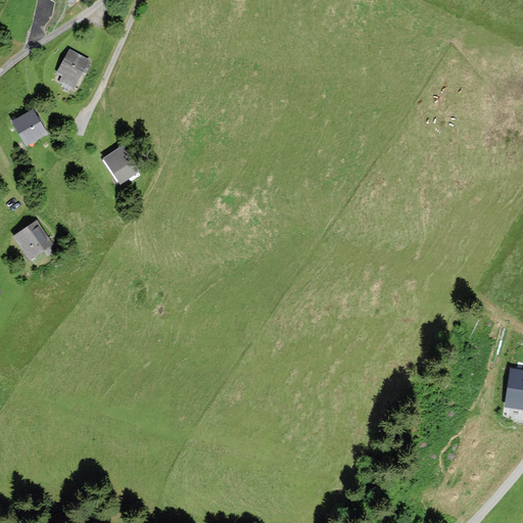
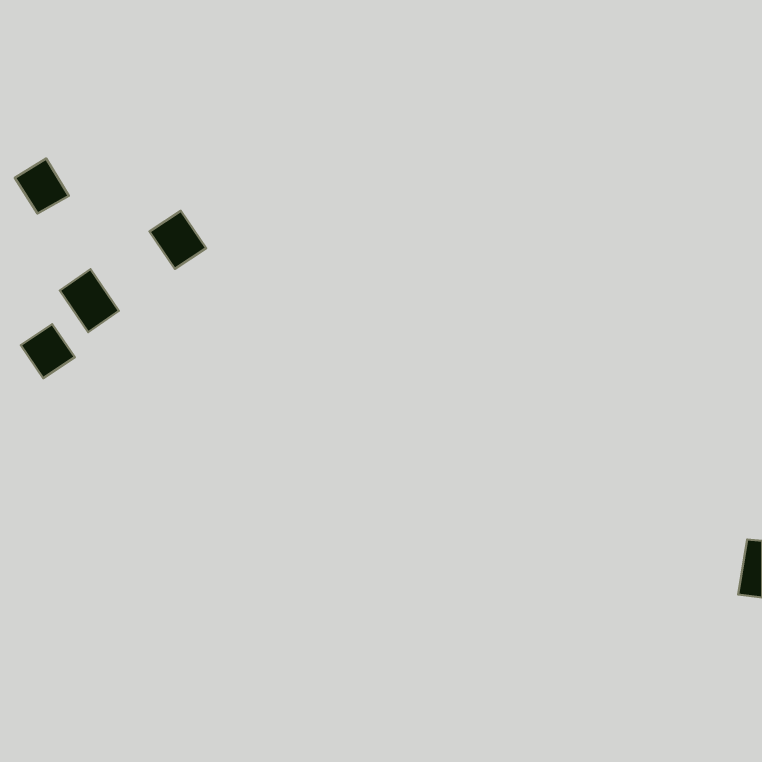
building: [56,48,90,89] -> none
building: none -> [60,269,119,332]

